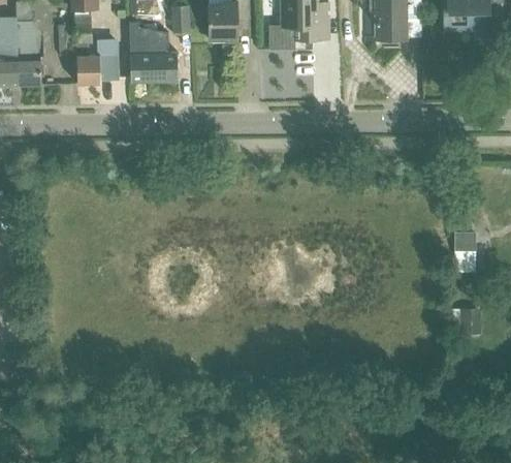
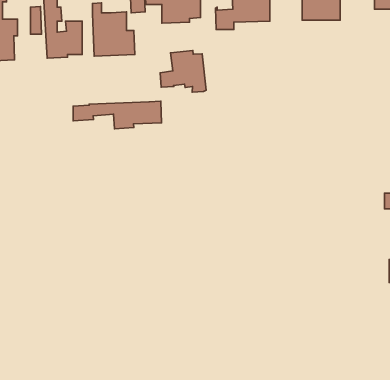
building: none -> [160,51,206,92]
building: none -> [73,101,161,129]

